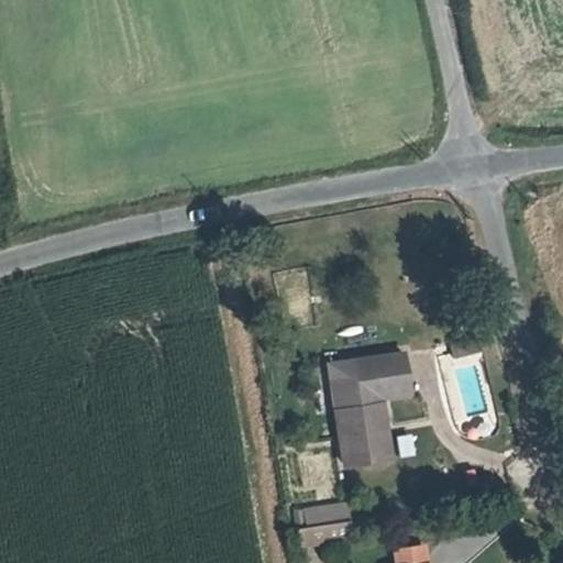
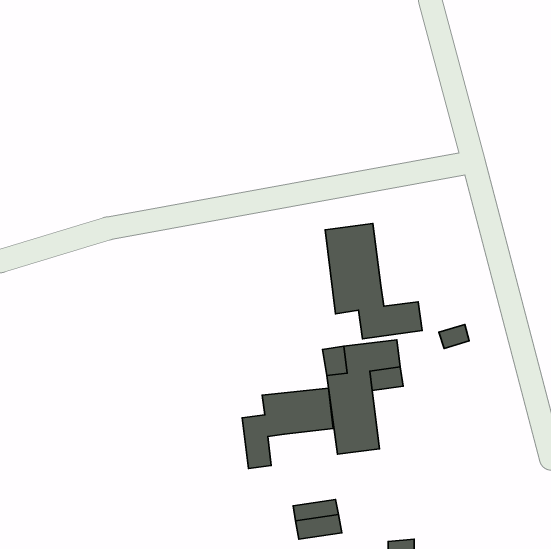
building: none -> [325,224,422,339]
building: none -> [242,388,333,468]

